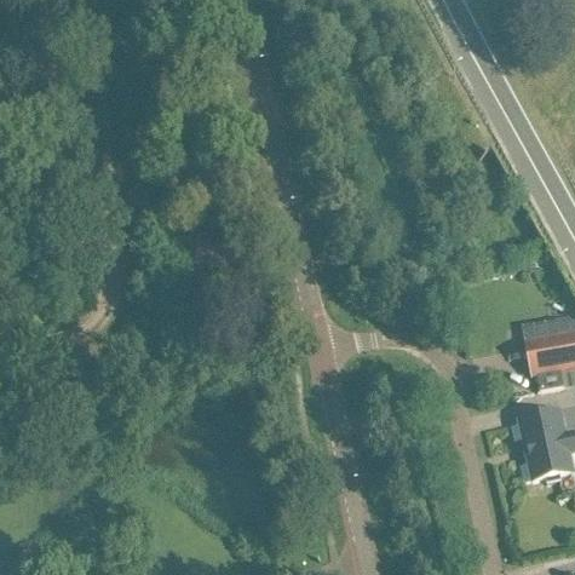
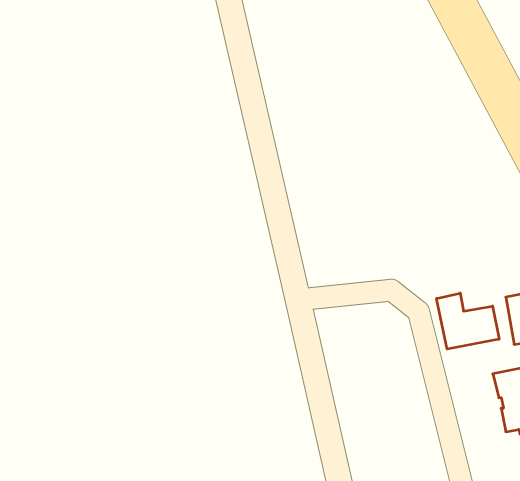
building: none -> [437,293,499,349]

